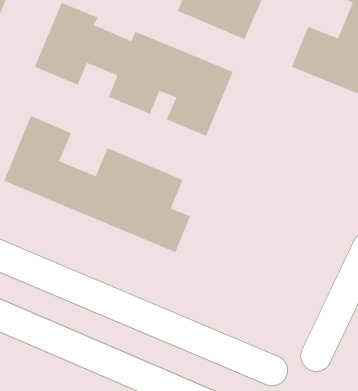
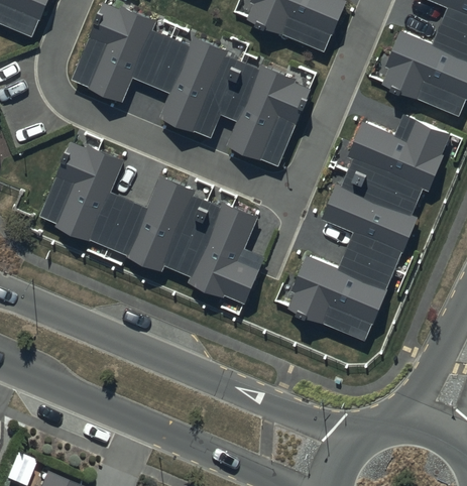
building: none -> [287,118,448,337]

